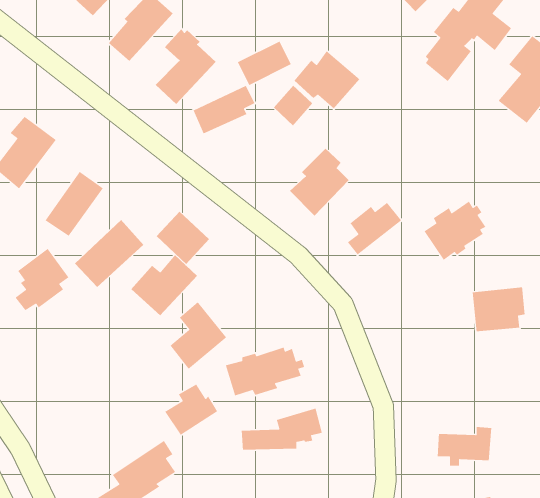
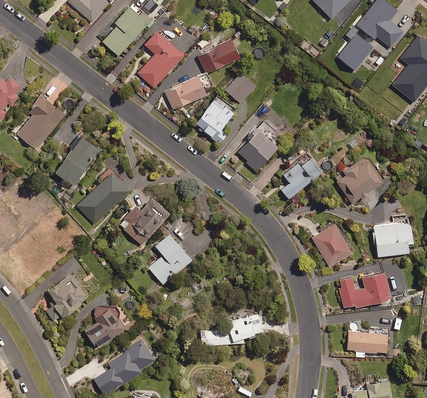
building: [294,50,361,109] -> none
building: none -> [194,99,233,144]
building: [156,211,210,265] -> none
building: [14,248,69,311] -> [45,274,86,321]
building: none -> [312,225,351,267]
building: [225,347,305,396] -> none
building: none -> [339,273,389,309]
building: [164,383,218,436] -> [85,309,125,348]

